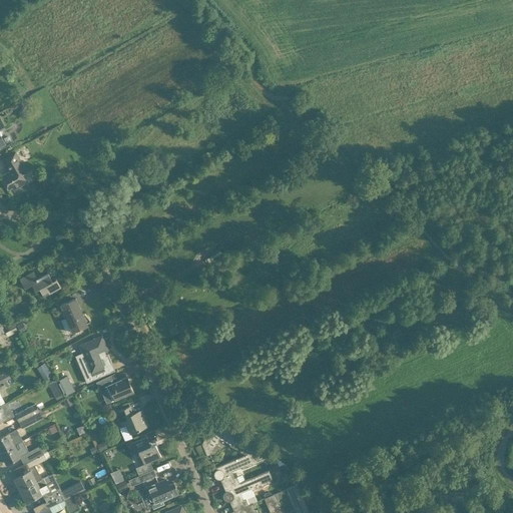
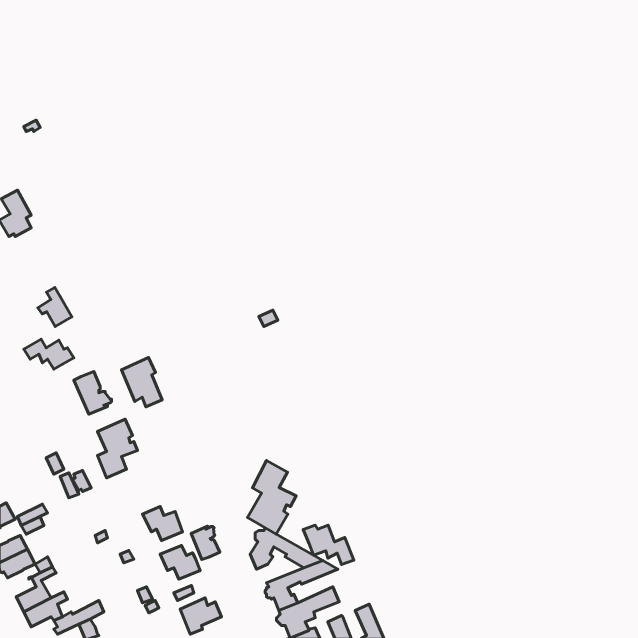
building: none -> [38,287,72,326]
building: none -> [122,357,162,407]
building: none -> [248,461,296,534]
building: [94,377,132,404] -> none
building: none -> [303,525,354,565]
building: none -> [191,526,220,560]

